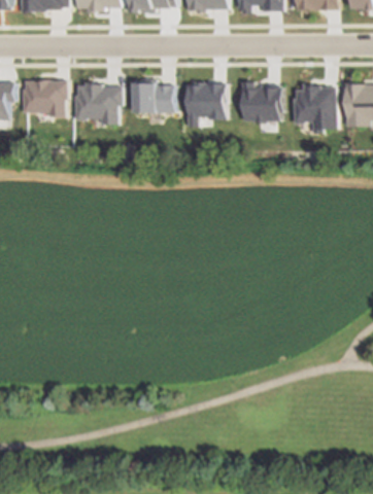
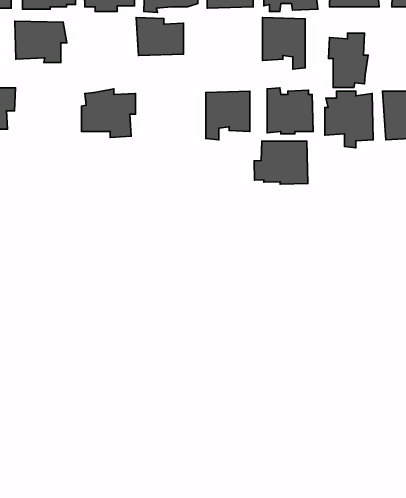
building: none -> [263,18,305,69]
building: none -> [328,33,368,87]
building: [131,79,173,113] -> [136,17,183,55]
building: [22,80,68,117] -> [15,21,67,63]
building: none -> [254,141,308,184]

